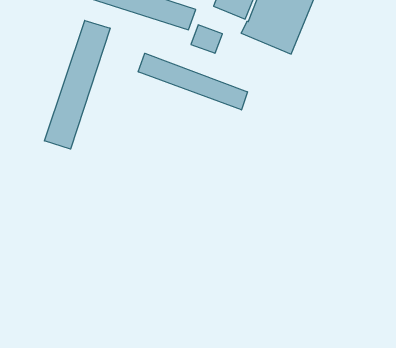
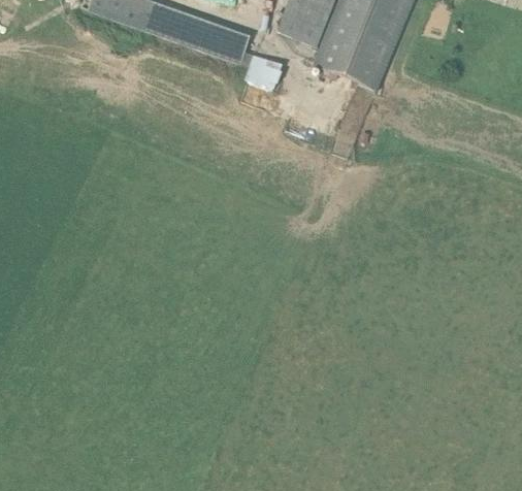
building: [44,20,110,149] -> none
building: [138,53,247,110] -> none

